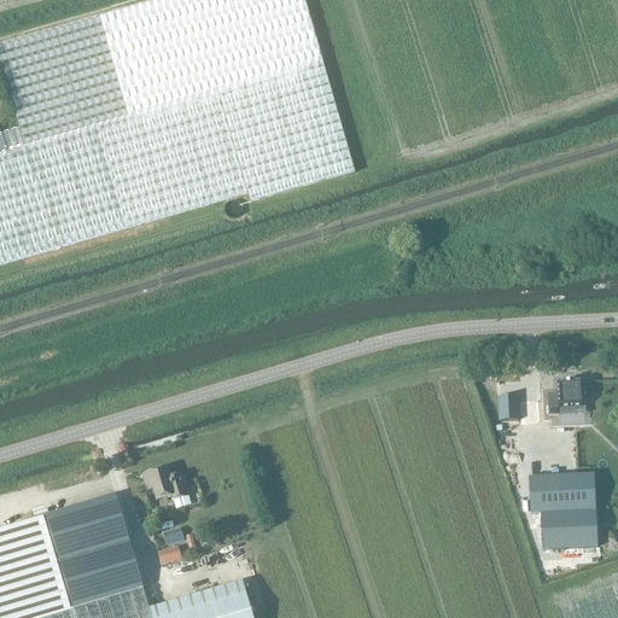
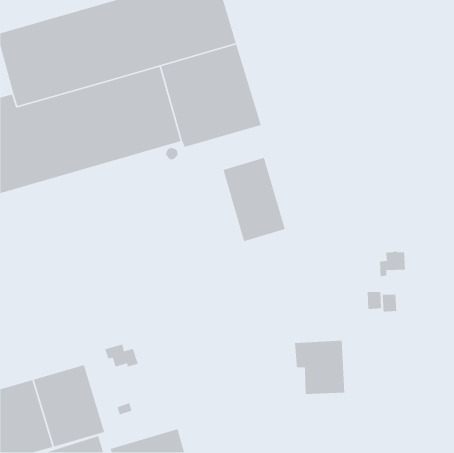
building: none -> [222,157,286,242]
building: [547,378,583,414] -> [379,250,406,277]
building: [527,473,596,548] -> [294,340,345,395]

